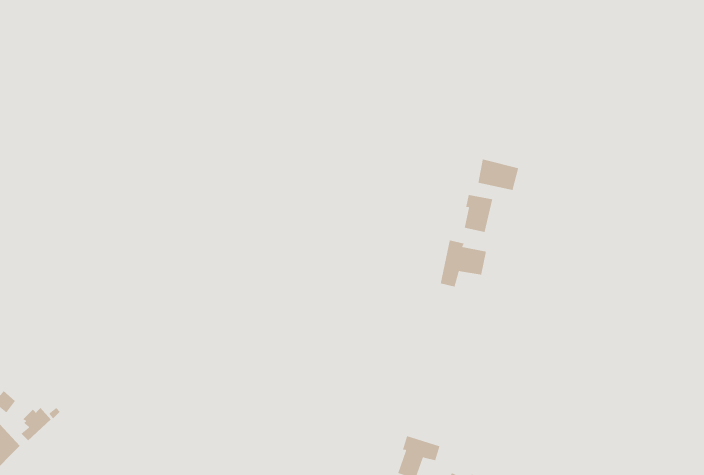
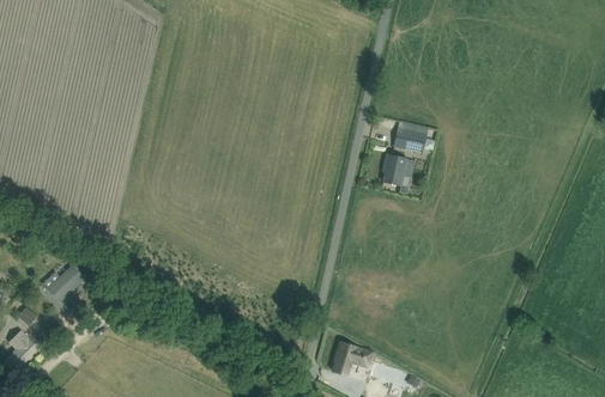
building: [440,240,487,287] -> none
building: none -> [47,264,84,300]

